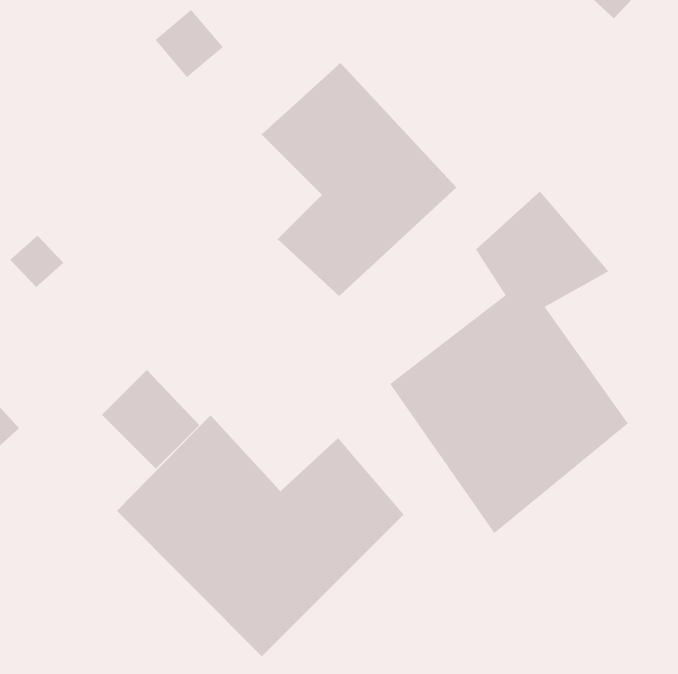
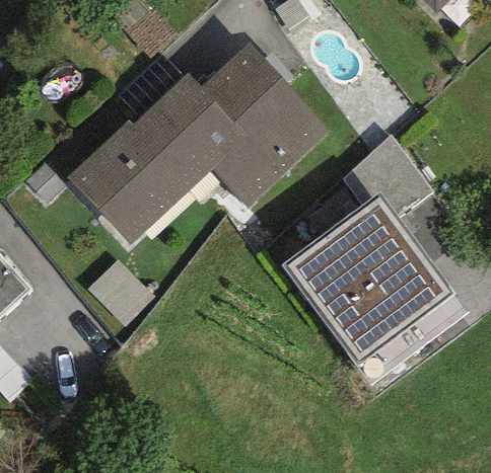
building: none -> [69,78,237,241]
building: [116,415,404,657] -> none

